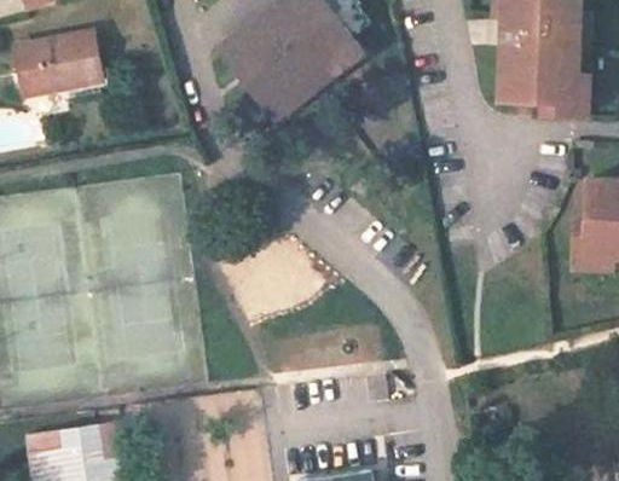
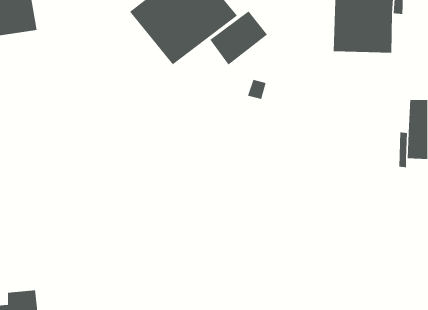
building: none -> [209,11,268,65]

